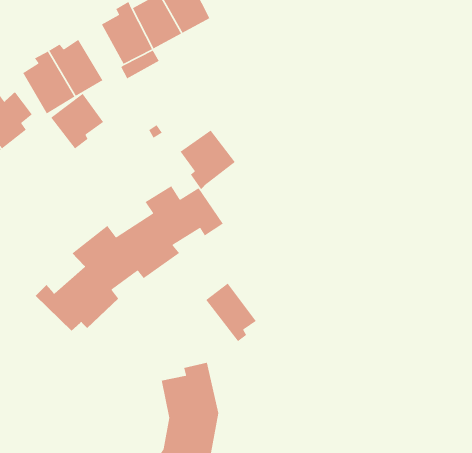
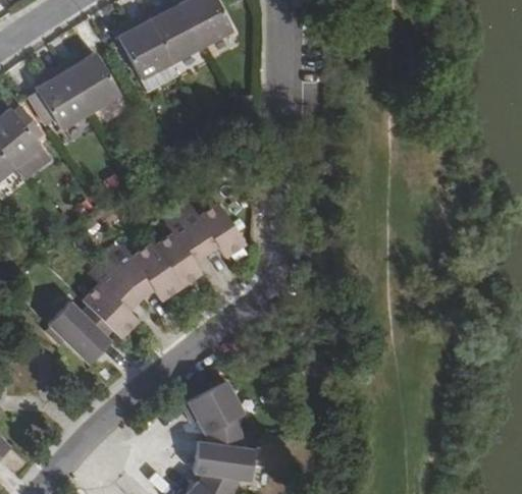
building: [50,93,104,150] -> none
building: [179,129,236,190] -> none
building: [205,283,257,342] -> none

